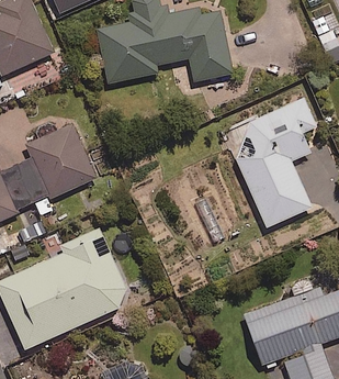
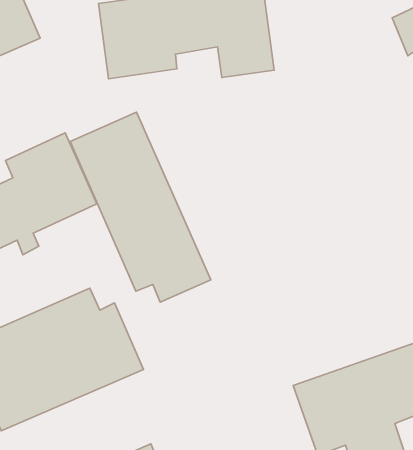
building: [219,97,317,226] -> none
building: none -> [70,112,211,302]

